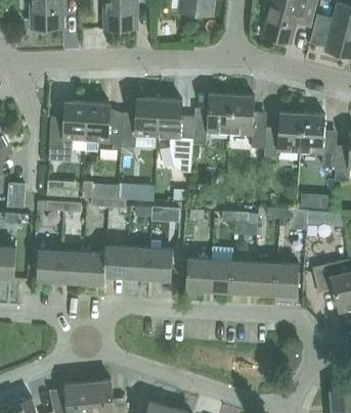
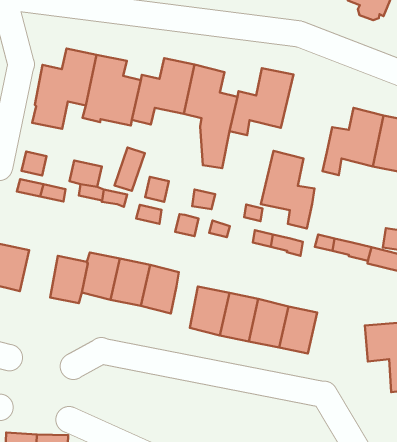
building: [229,95,266,147] -> [261,151,315,228]
building: [59,251,83,283] -> none
building: [274,264,299,296] -> none

